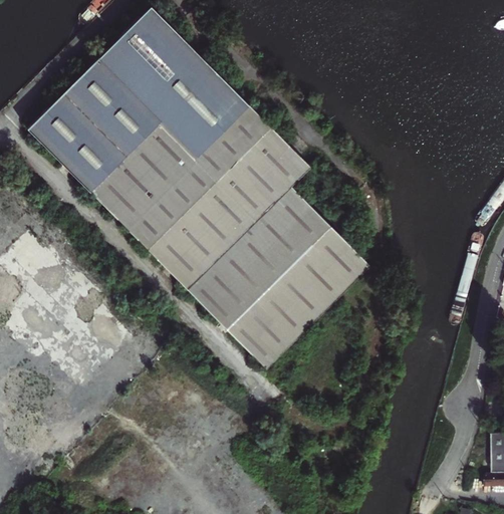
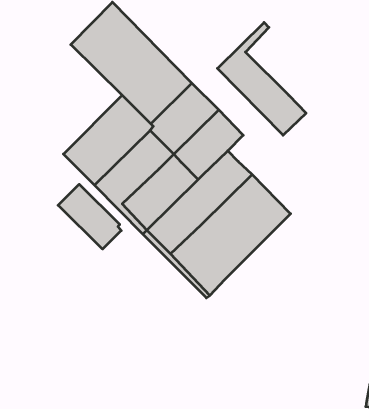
building: none -> [217,22,306,135]
building: [28,57,163,192] -> none
building: none -> [58,184,121,249]

